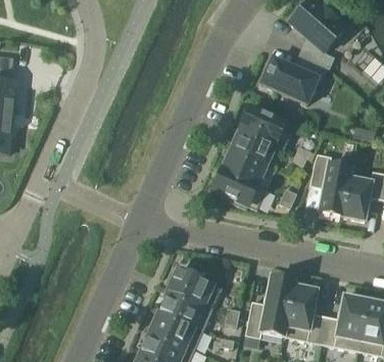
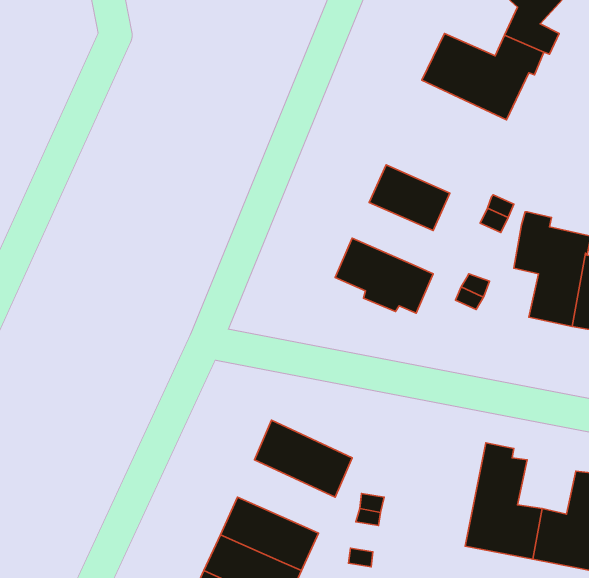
building: [240,106,293,147] -> none
building: [222,148,266,183] -> none
building: [245,275,294,336] -> none
building: [159,288,212,328] -> none

